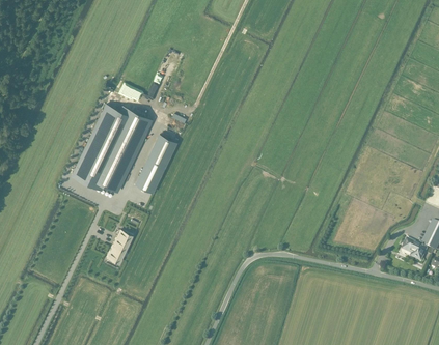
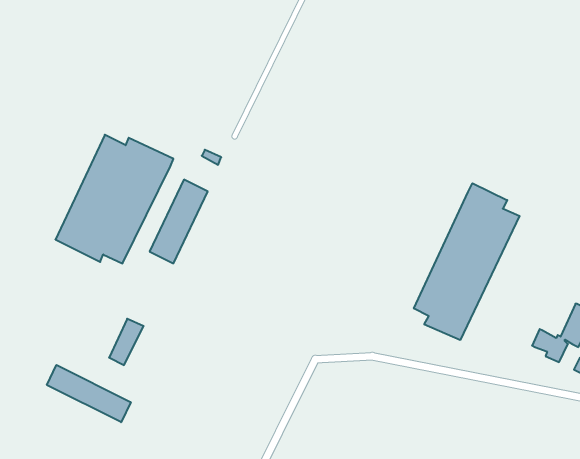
building: none -> [414,183,520,340]
building: none -> [47,365,131,422]

